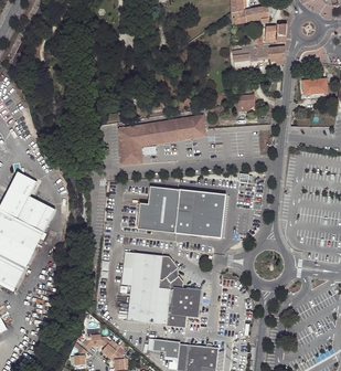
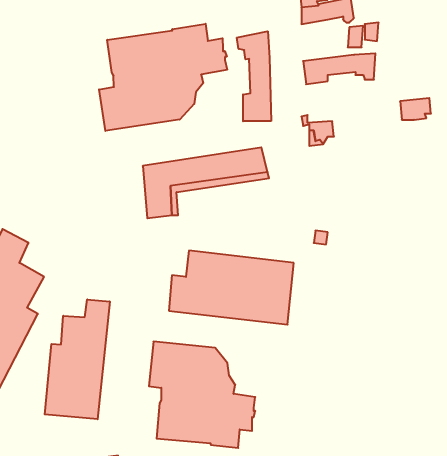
building: none -> [99,24,227,131]
building: none -> [237,31,271,121]
building: none -> [45,299,110,419]

